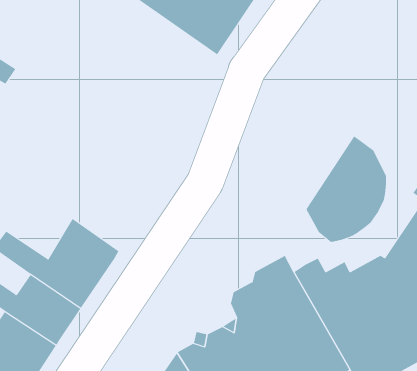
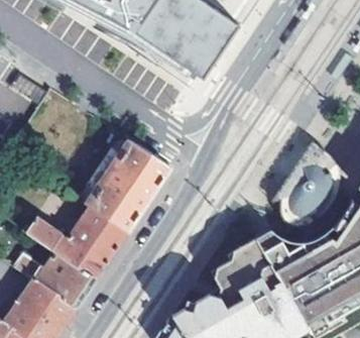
building: none -> [86,143,167,233]

